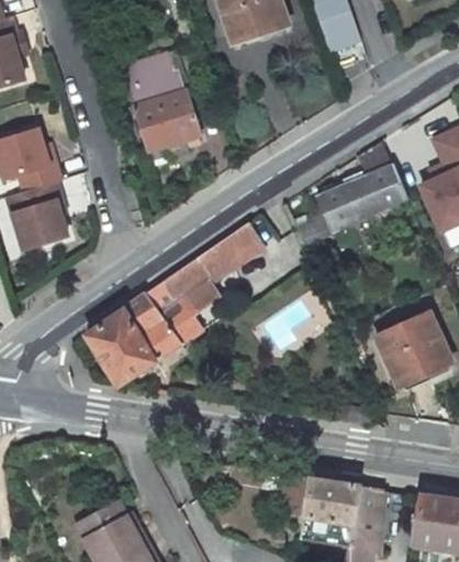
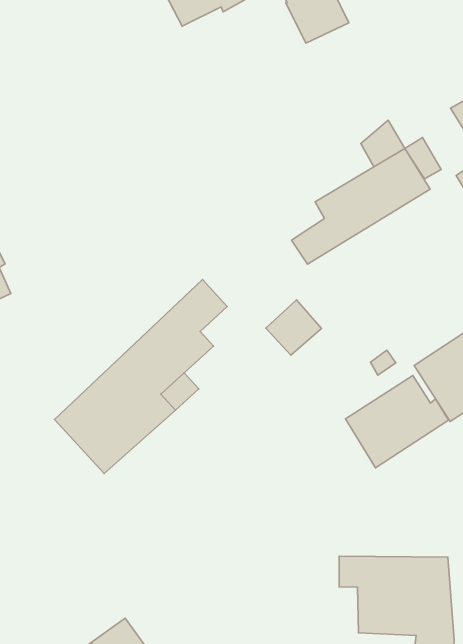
building: [126,52,199,156] -> none
building: [219,225,262,268] -> [266,300,322,355]
building: none -> [345,375,448,468]

